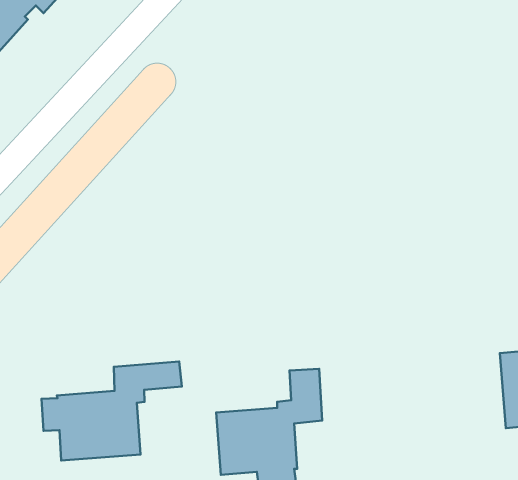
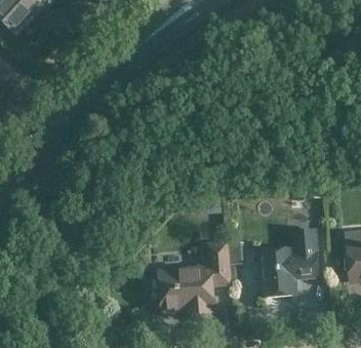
building: none -> [257,230,318,298]
building: [41,361,182,461] -> none

